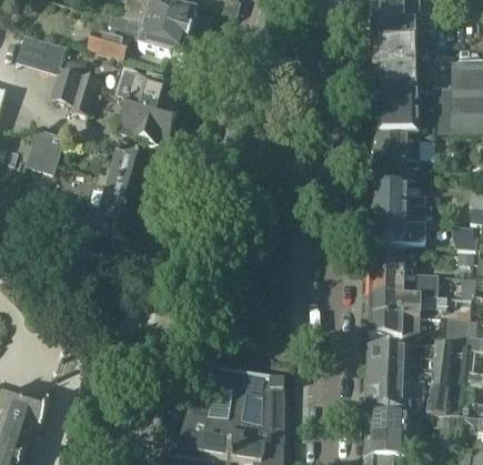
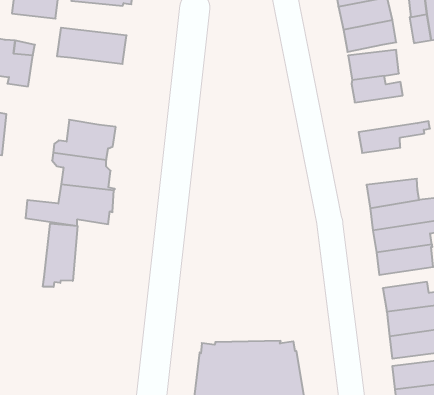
building: [118,94,177,144] -> none
building: [371,184,424,204] -> none
building: [370,222,424,243] -> none
building: none -> [43,223,77,287]

